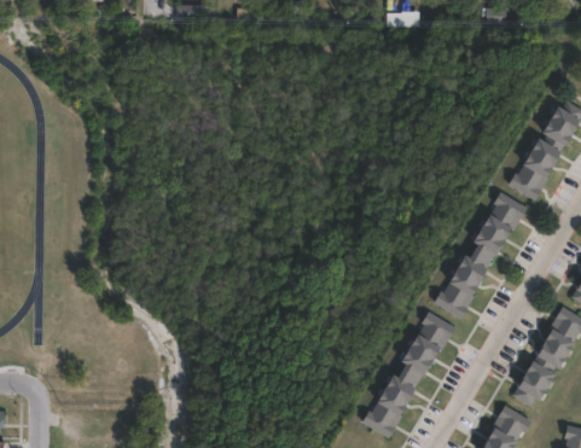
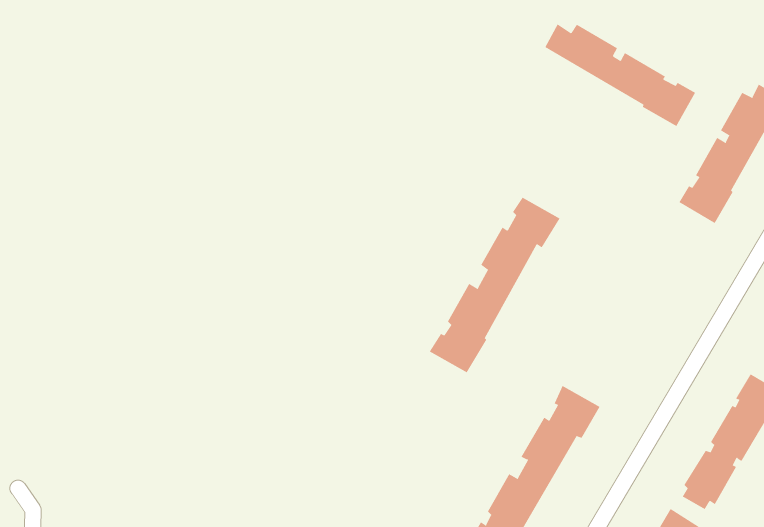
building: none -> [544,24,696,127]
building: [436,187,531,315] -> [429,197,560,373]

